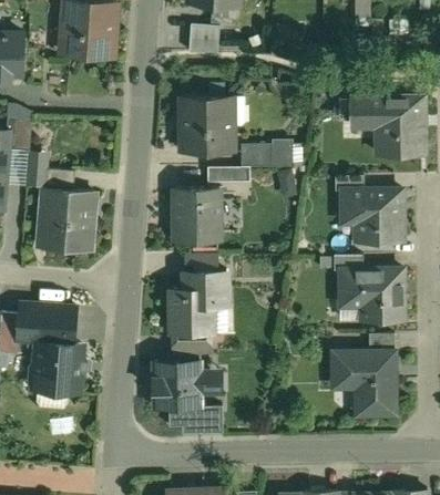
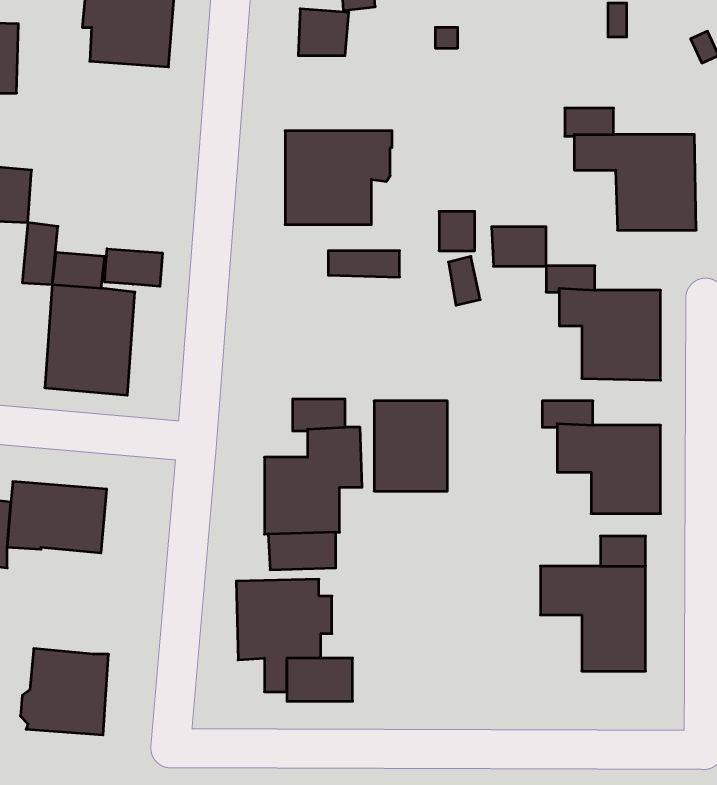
building: [239,143,272,166] -> [492,227,546,266]
building: none -> [105,249,162,286]
building: [173,188,216,241] -> [374,401,447,491]
building: [29,341,81,392] -> [20,649,109,735]

